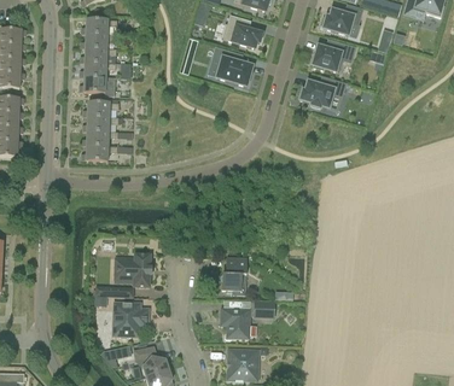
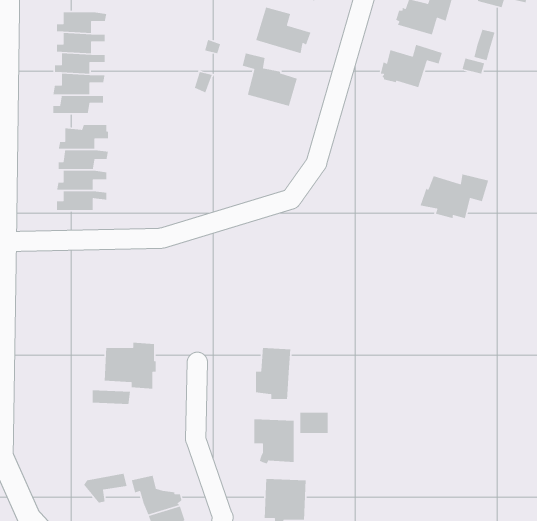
building: [297,77,347,110] -> [419,173,489,219]
building: [114,302,149,335] -> none

